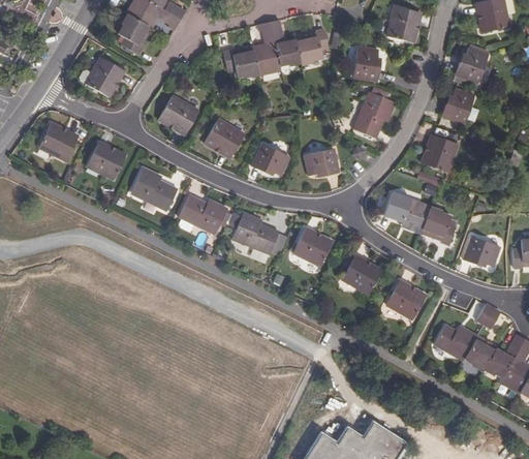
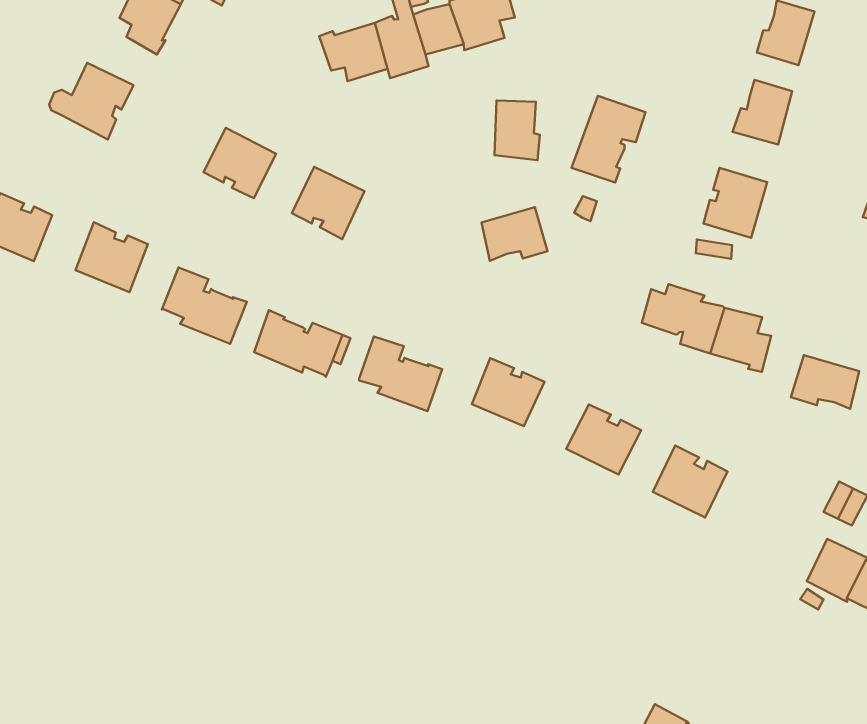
building: [354,47,379,80] -> [494,101,540,160]
building: [250,143,288,176] -> none
building: [435,322,476,356] -> none

